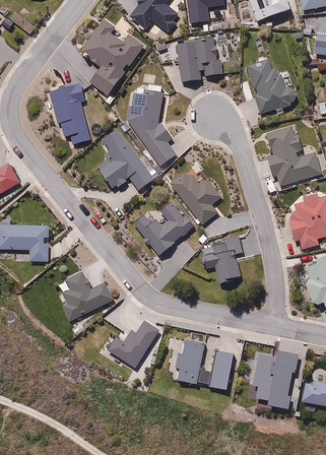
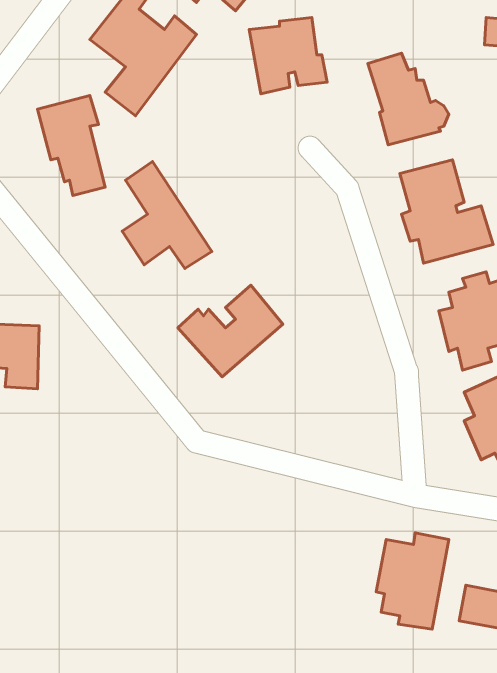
building: [128,87,177,168] -> none
building: [172,162,222,225] -> none
building: [202,238,247,284] -> none
building: [56,269,114,321] -> none
building: [107,320,159,368] -> none
building: [176,339,236,390] -> none

